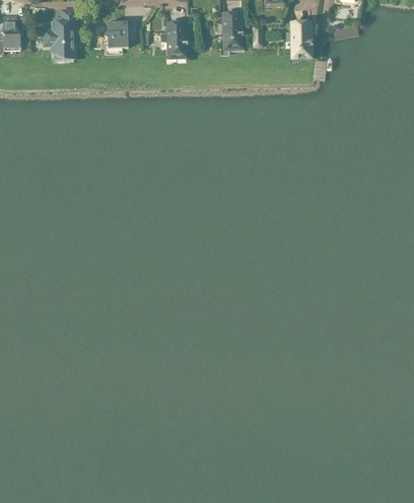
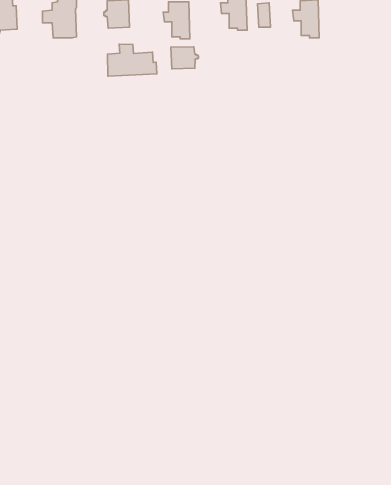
building: none -> [108,44,157,76]
building: none -> [171,47,199,69]

